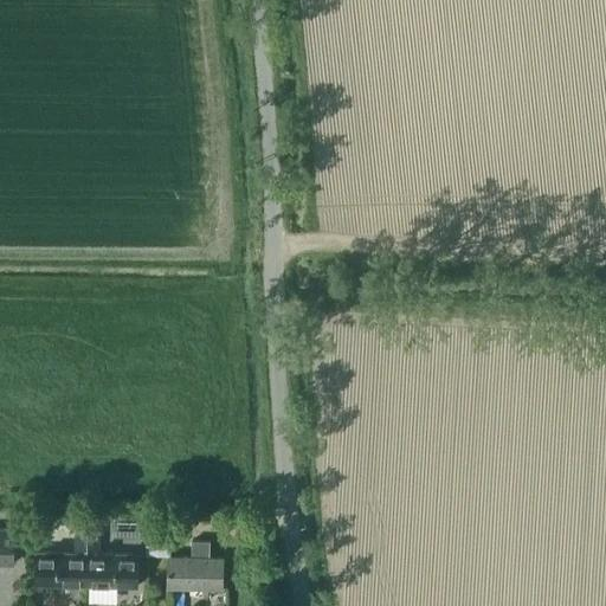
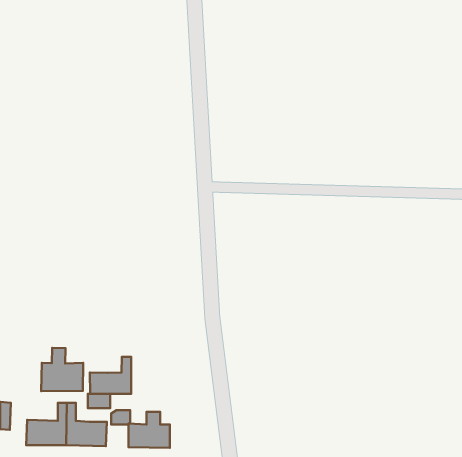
building: none -> [41,348,83,391]
building: none -> [90,357,131,394]

